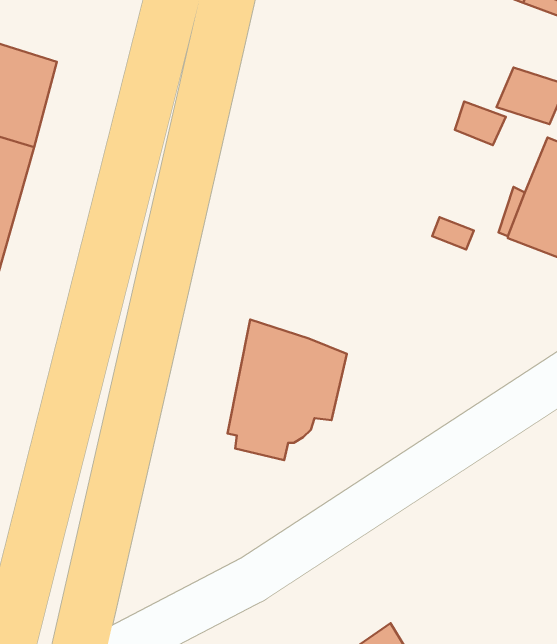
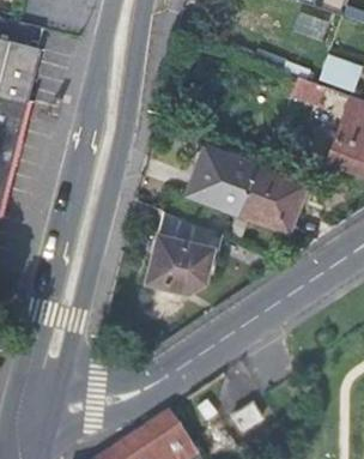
building: none -> [189,151,307,232]

